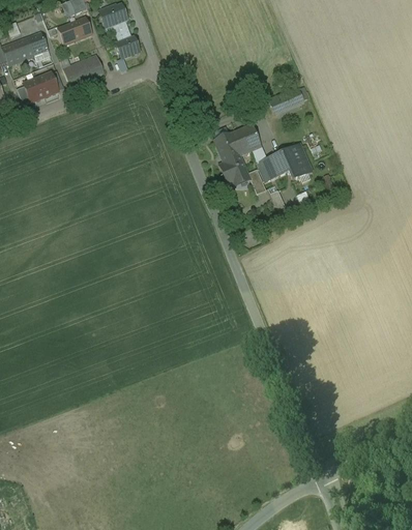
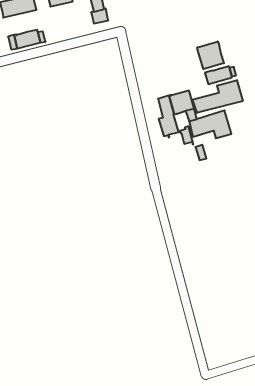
building: [63,54,104,85] -> none
building: none -> [197,41,224,69]
building: none -> [192,80,243,113]

